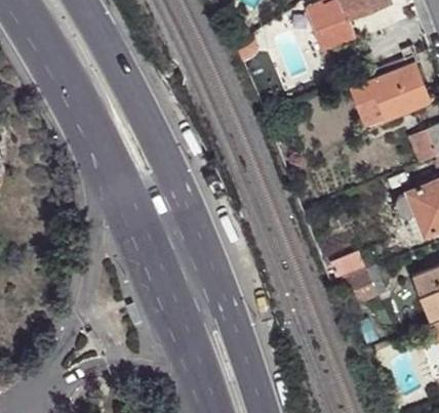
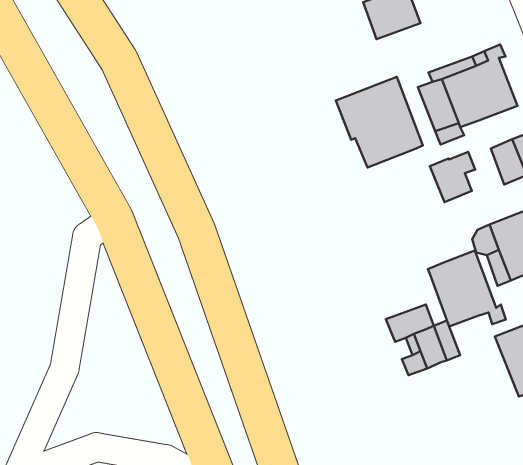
building: none -> [336,77,423,168]
building: none -> [430,152,475,202]
building: none -> [428,250,506,327]

